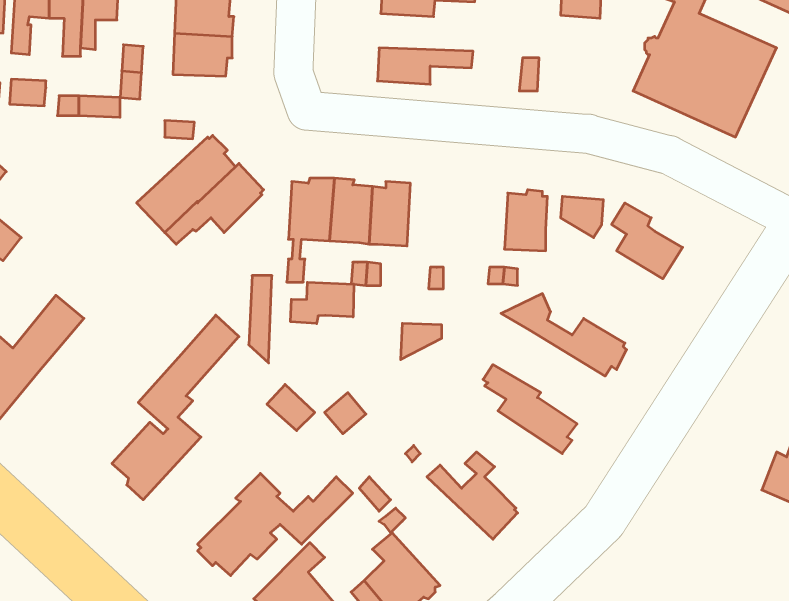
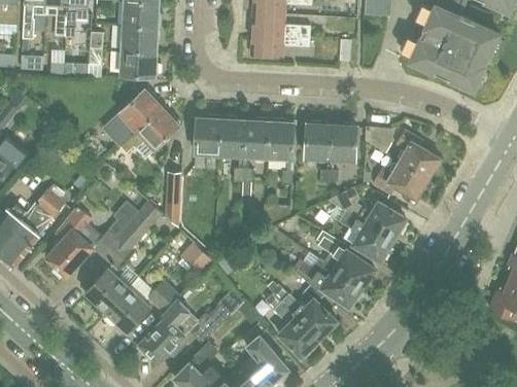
building: none -> [250,12,309,36]
building: none -> [119,50,157,77]
building: none -> [268,118,294,159]
building: none -> [304,120,331,160]
building: none -> [372,161,427,199]
building: [291,282,354,324] -> none
building: none -> [44,208,127,277]
building: none -> [337,210,391,260]
building: none -> [299,258,365,307]
building: none -> [103,277,179,332]
building: none -> [265,293,321,358]

